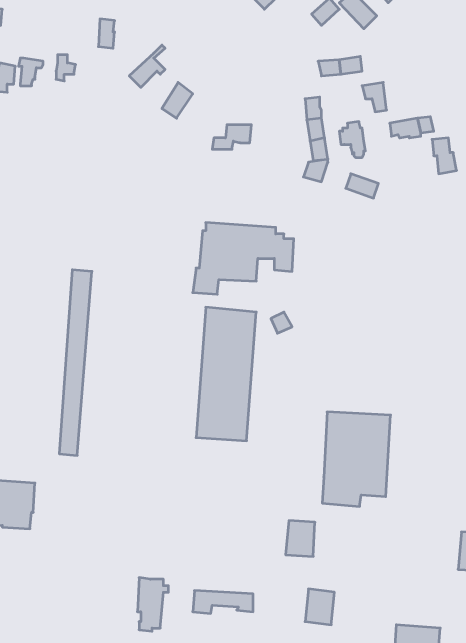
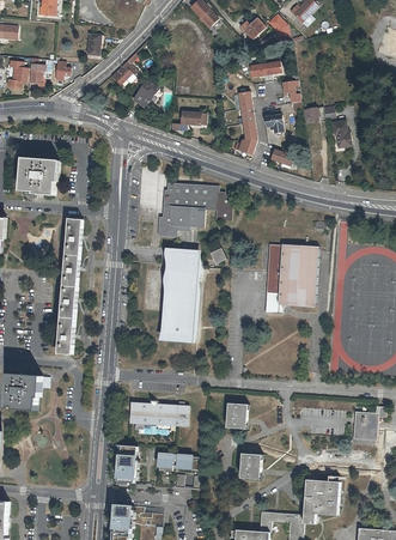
building: none -> [22,158,59,194]
building: [322,412,391,506] -> [267,244,317,314]
building: none -> [128,400,187,425]

